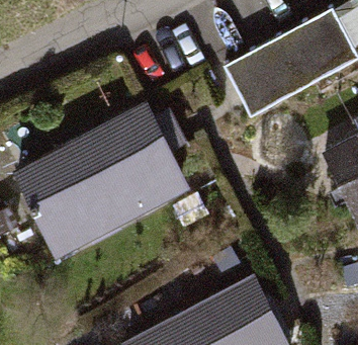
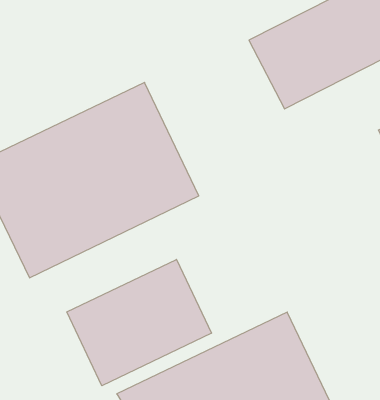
building: none -> [67,259,211,386]

